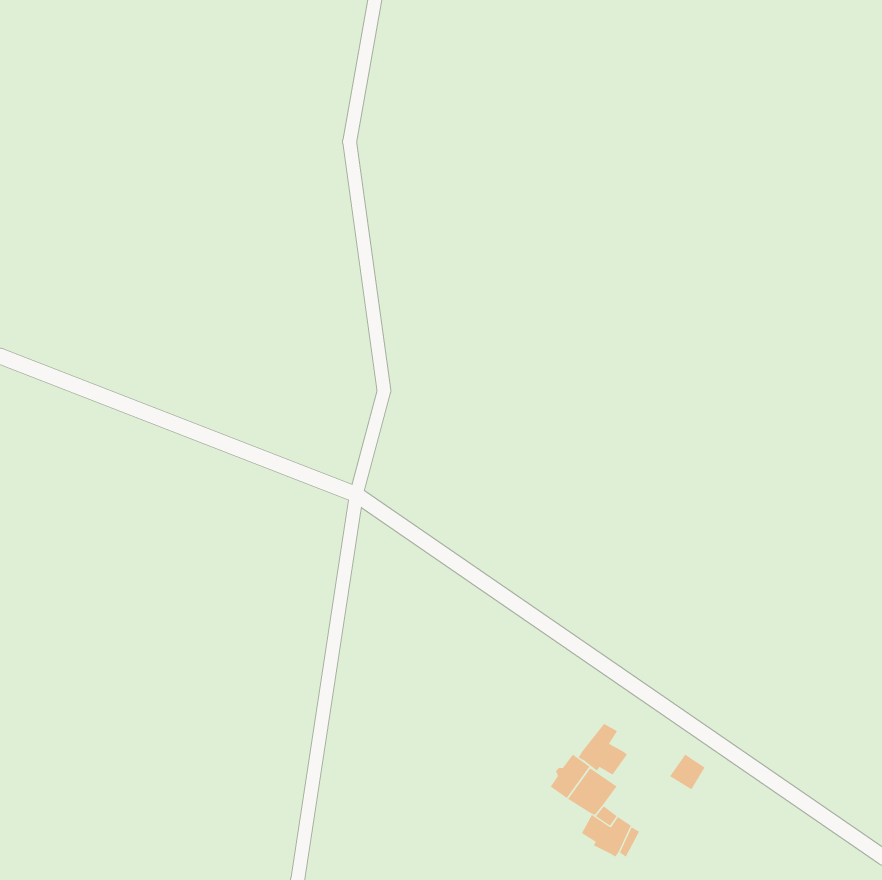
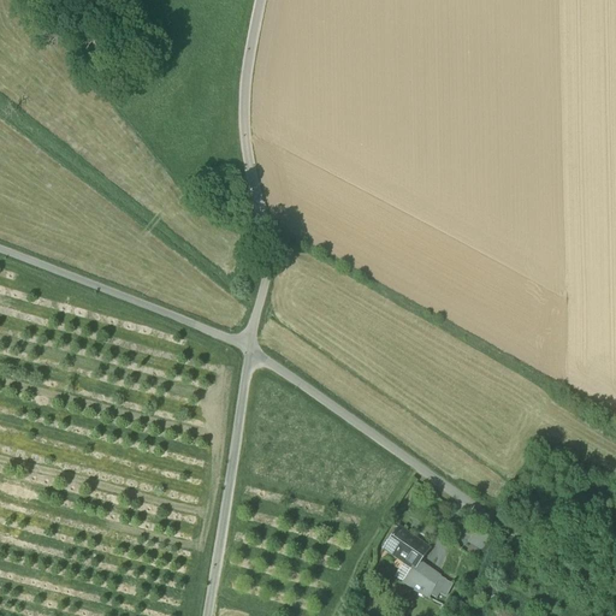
building: [578,723,628,775] -> none

